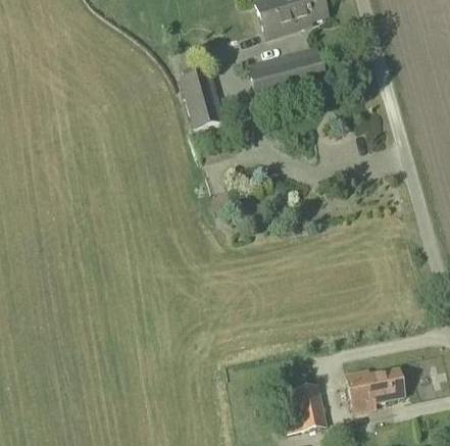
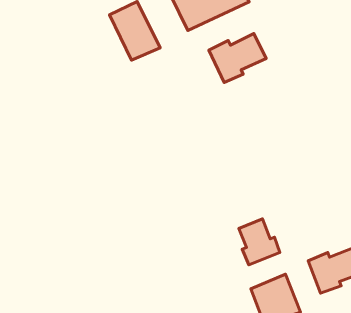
building: none -> [209,33,266,83]
building: none -> [239,219,280,265]

